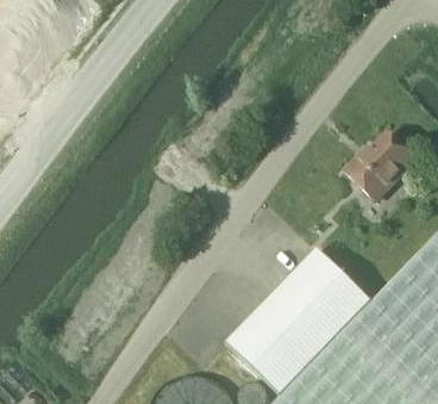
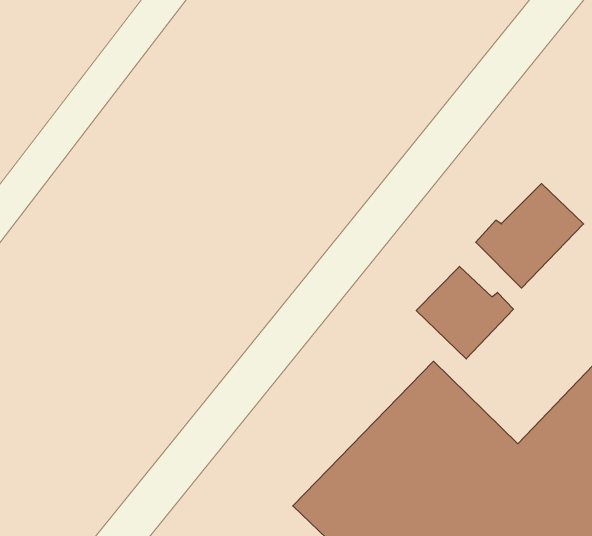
building: none -> [416,266,513,359]

